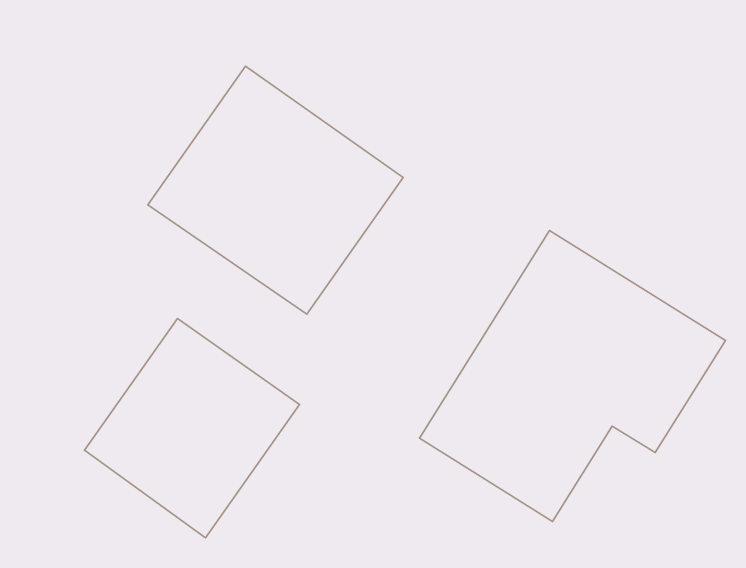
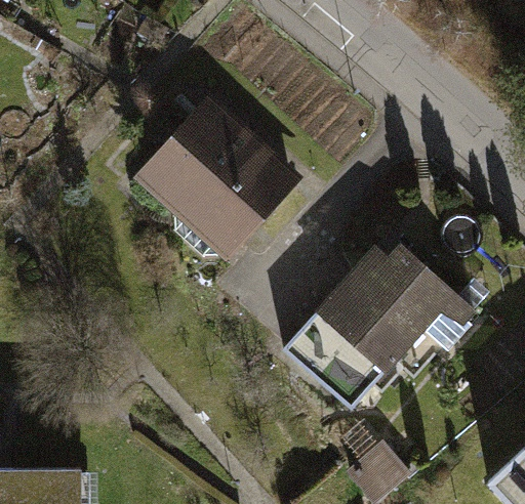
building: [85,319,300,538] -> none

